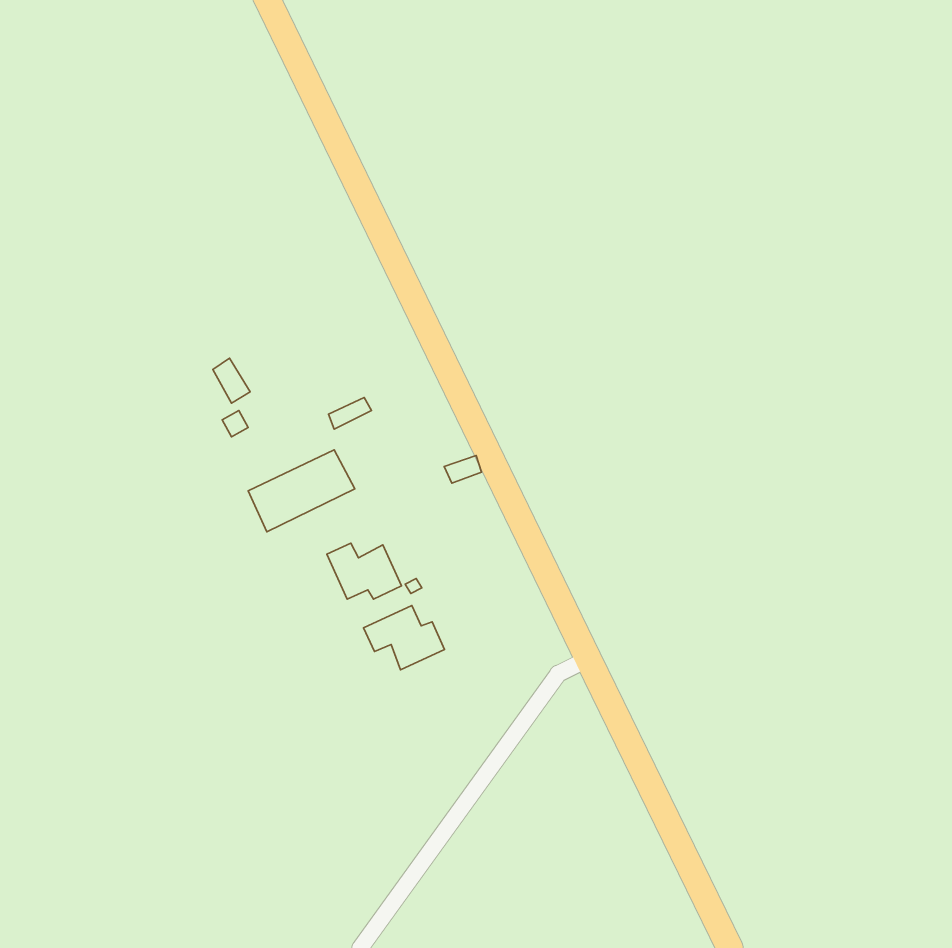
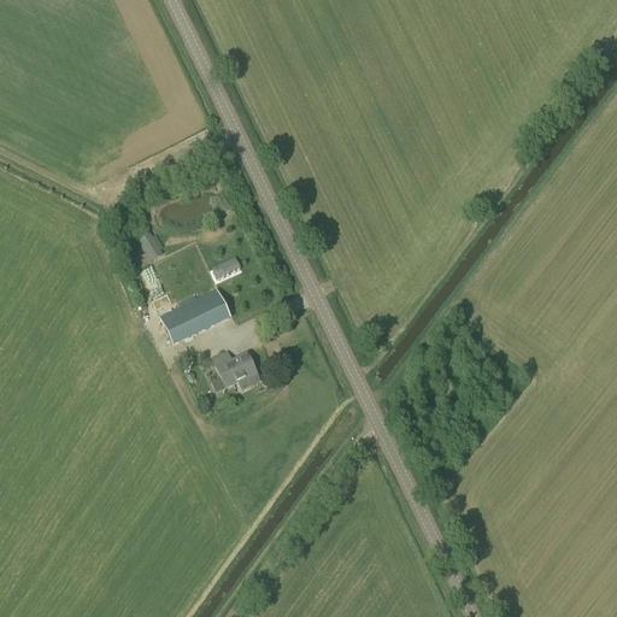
building: [364,606,444,670] -> none

